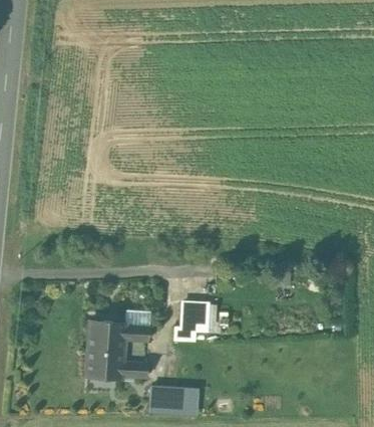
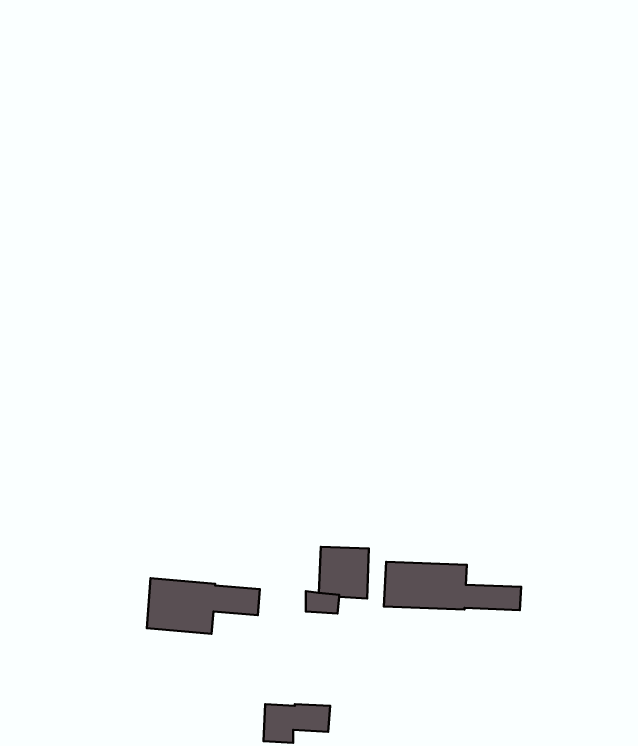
building: none -> [384,562,521,610]
building: [86,348,147,377] -> none

